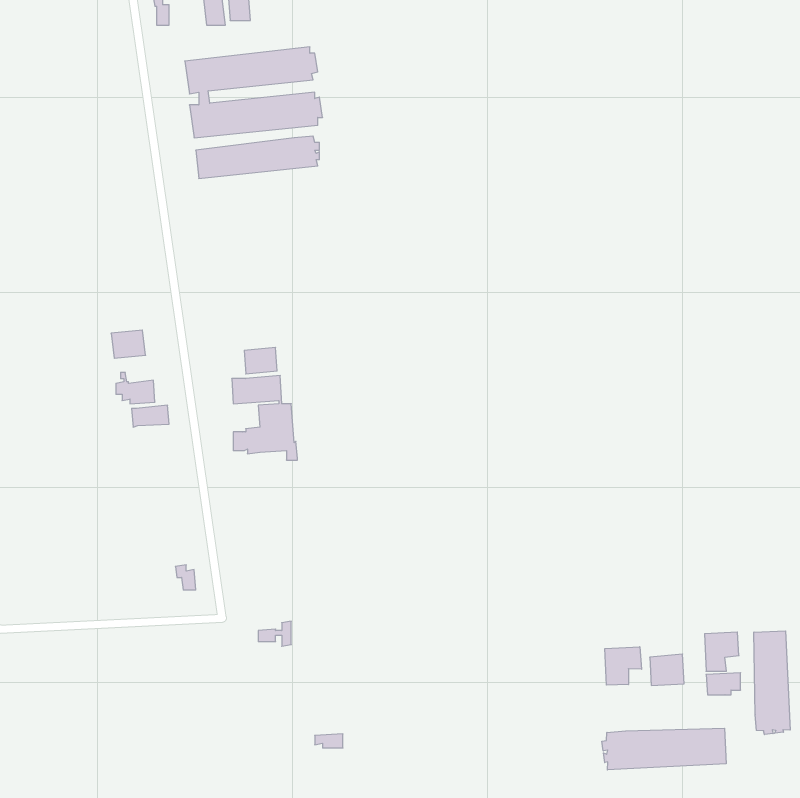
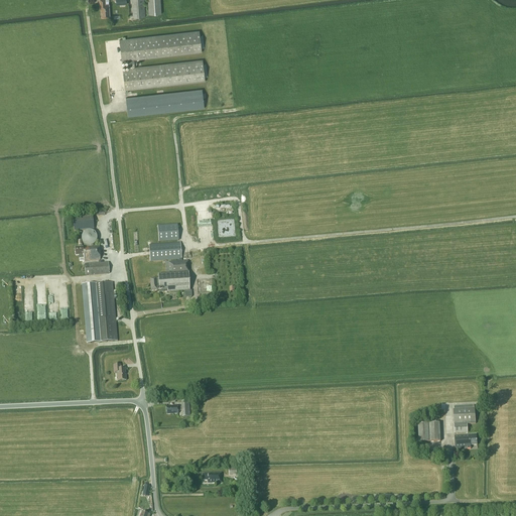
building: none -> [82,281,117,343]
building: [754,631,790,735] -> none
building: [605,647,642,685] -> none
building: [602,728,726,770] -> none

